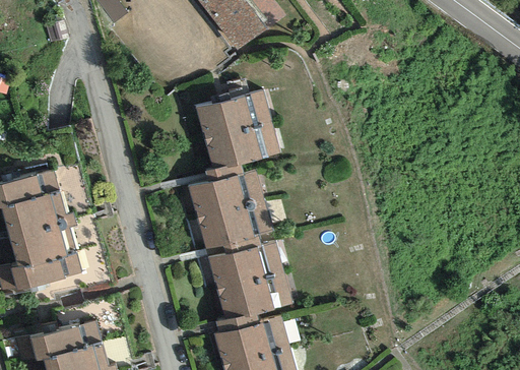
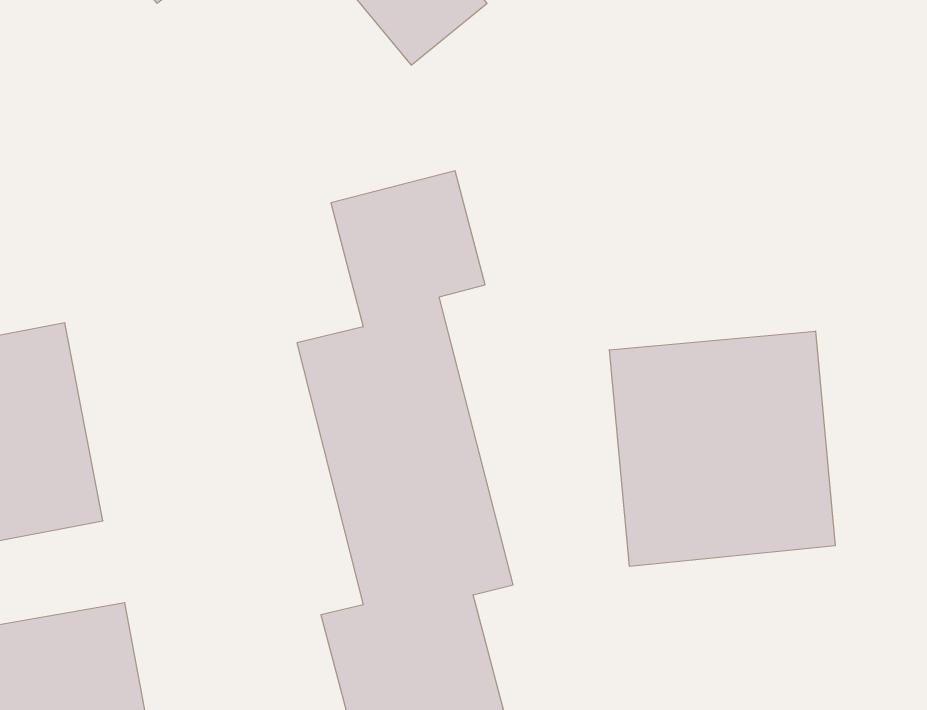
building: none -> [609,331,835,566]

